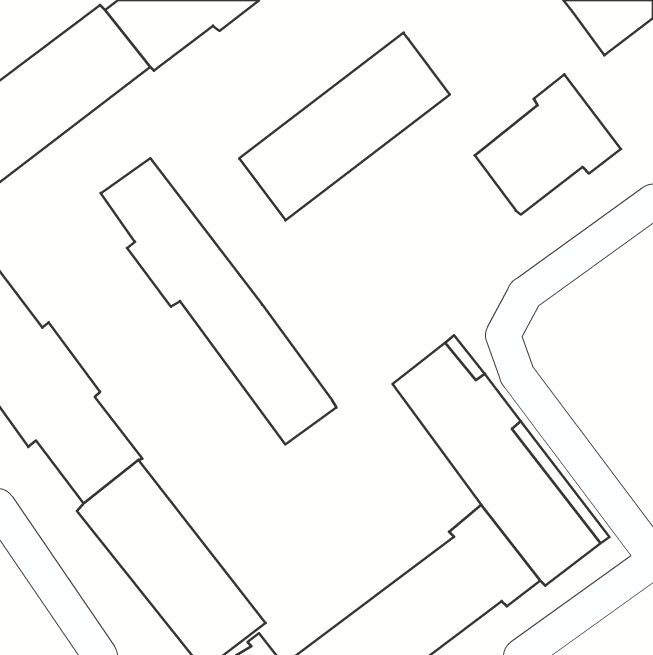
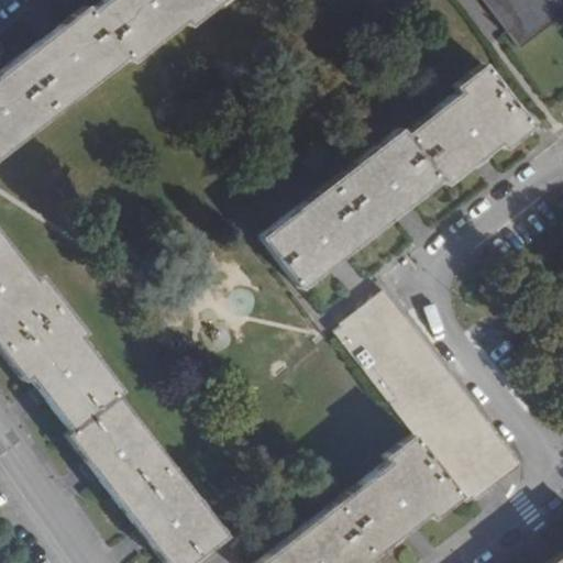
building: [239,33,450,220] -> [262,129,442,289]
building: [101,158,336,444] -> none

